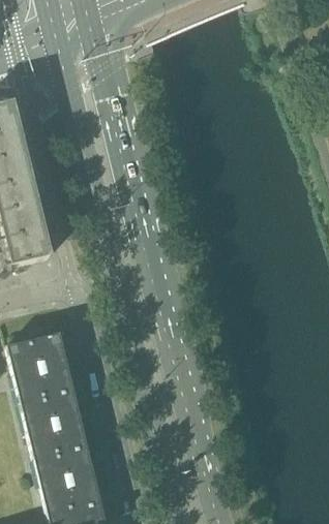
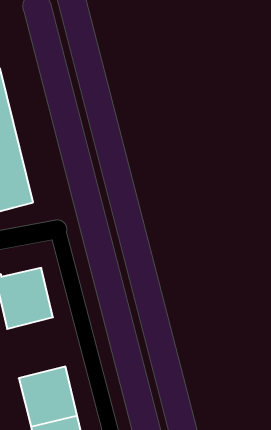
building: [19,388,86,458] -> none

